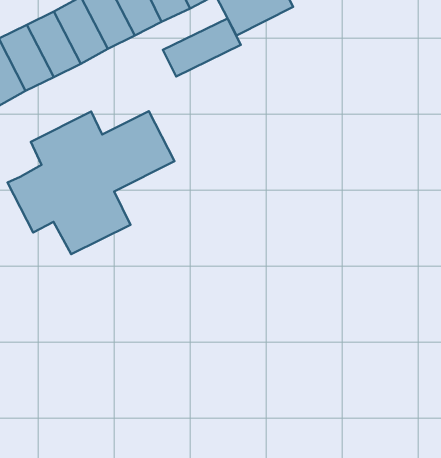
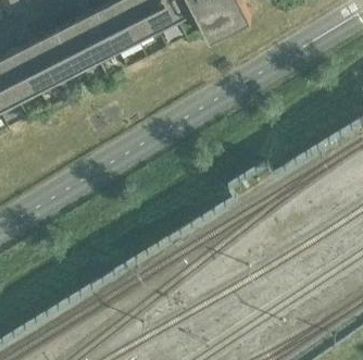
building: [163,18,241,76] -> none
building: [7,111,174,254] -> none

